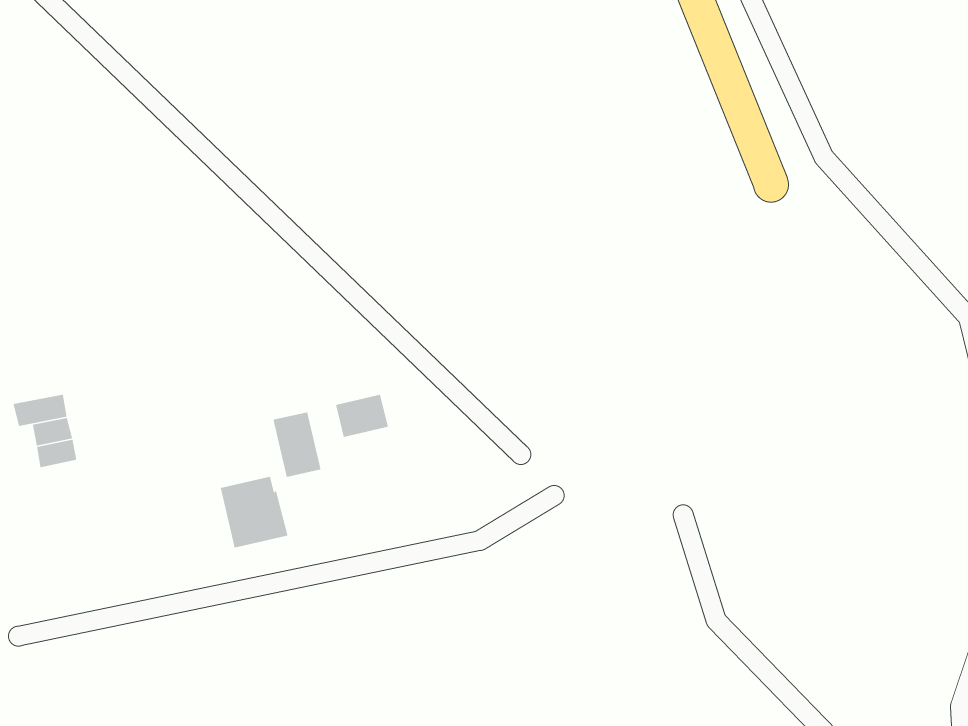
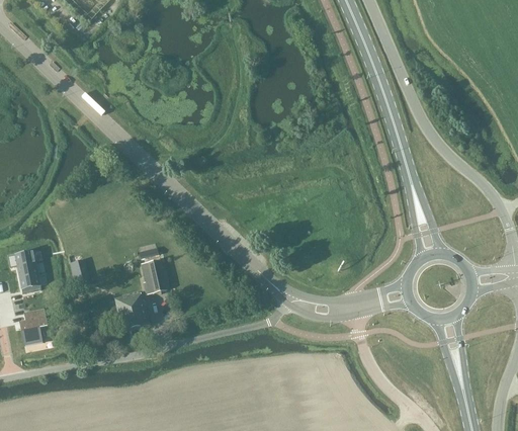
building: [335,394,389,438] -> none
building: none -> [19,309,47,343]

